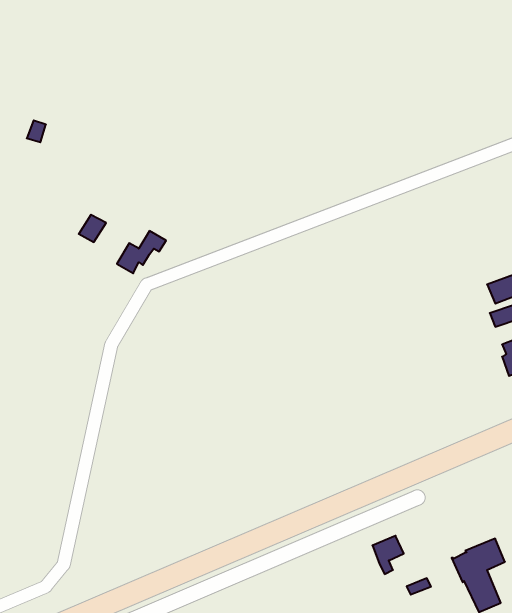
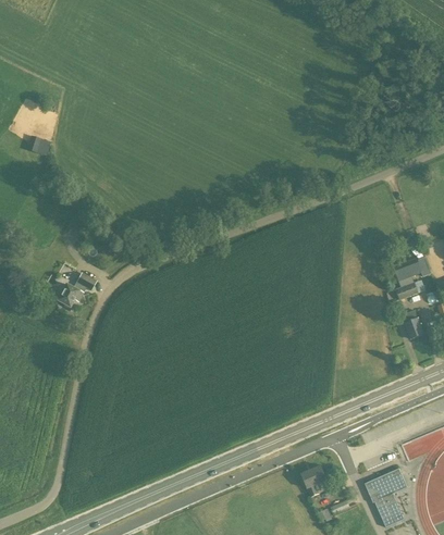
building: [117,231,166,273] -> [57,273,96,307]

